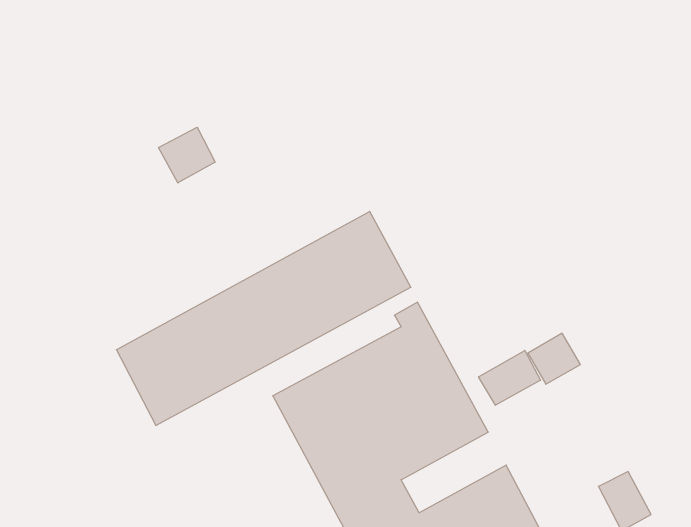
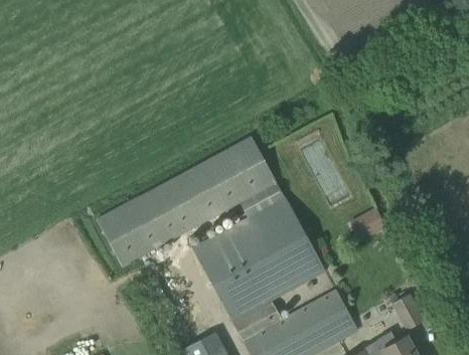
building: [159,127,215,183] -> none
building: [479,350,541,405] -> none

